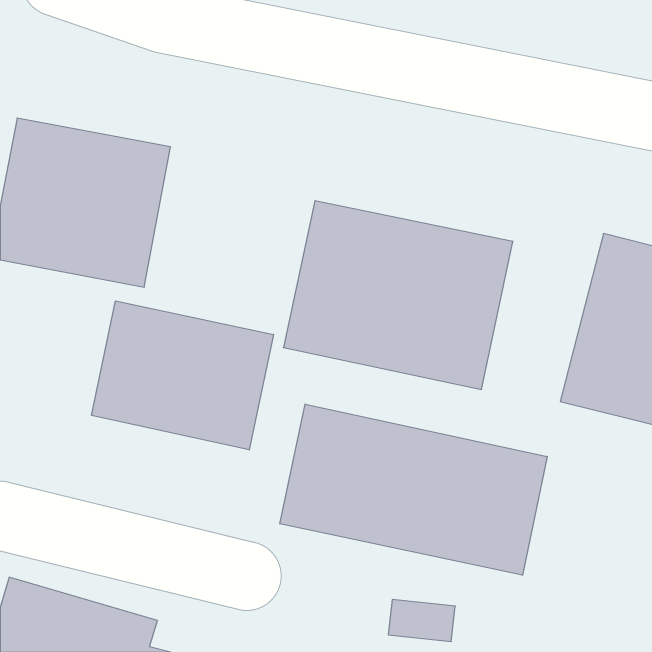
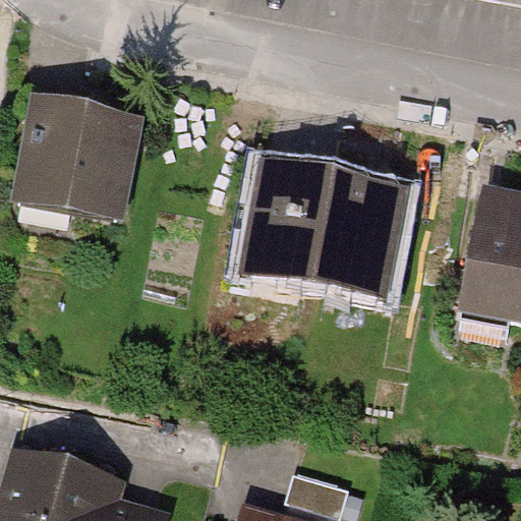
building: [92,301,274,450] -> none
building: [280,404,547,575] -> none

